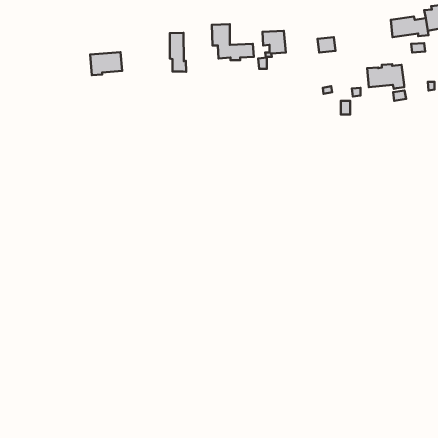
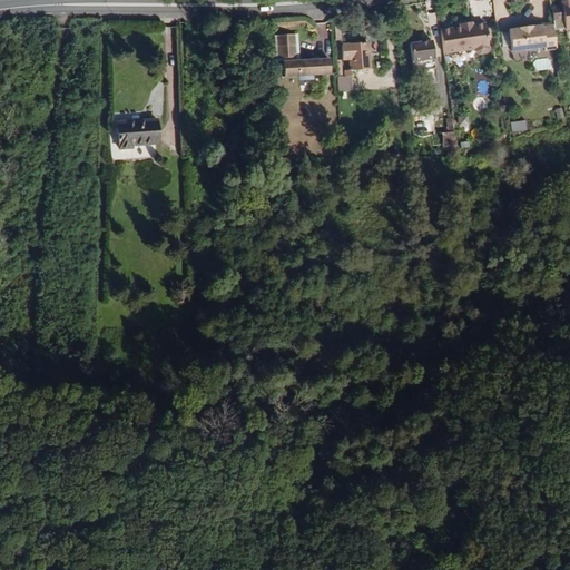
building: [170,33,186,72] -> none
building: [90,52,122,75] -> [118,117,159,147]
building: [367,64,404,89] -> [443,31,491,63]

